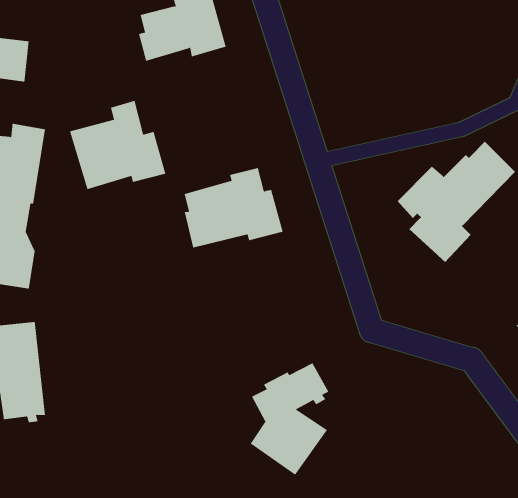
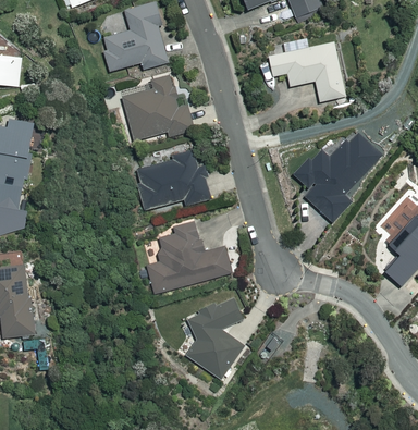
building: none -> [269,38,345,101]
building: [69,100,166,190] -> [122,75,194,142]
building: none -> [146,222,232,294]

